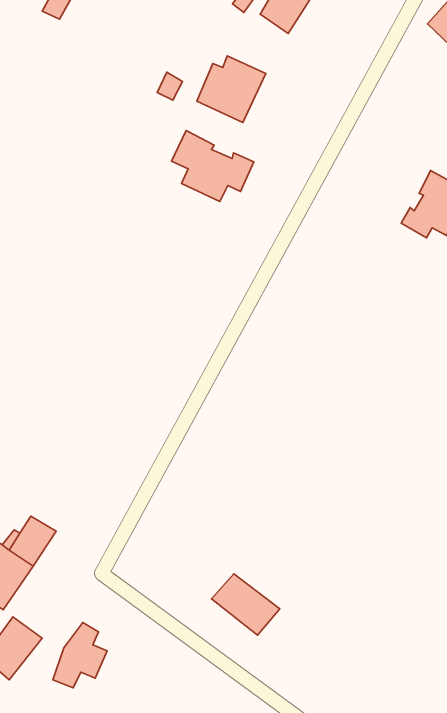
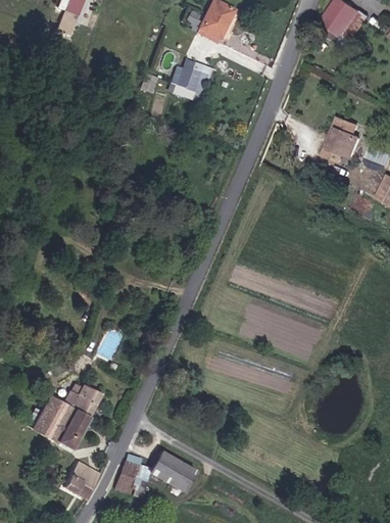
building: [172,130,254,202] -> none
building: [212,574,280,635] -> [148,451,195,491]

